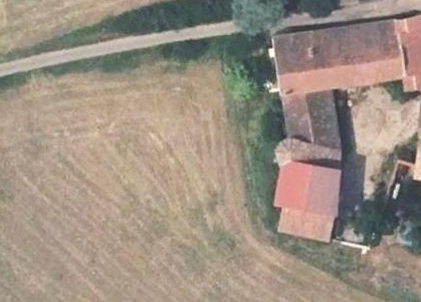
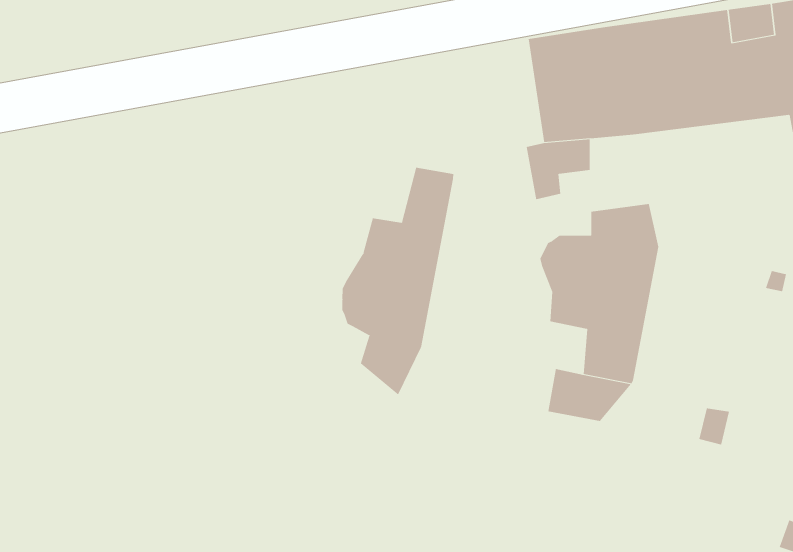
building: [293,87,340,138] -> none
building: none -> [342,167,454,395]

